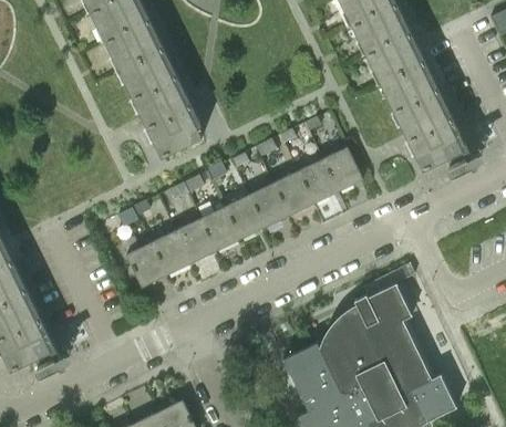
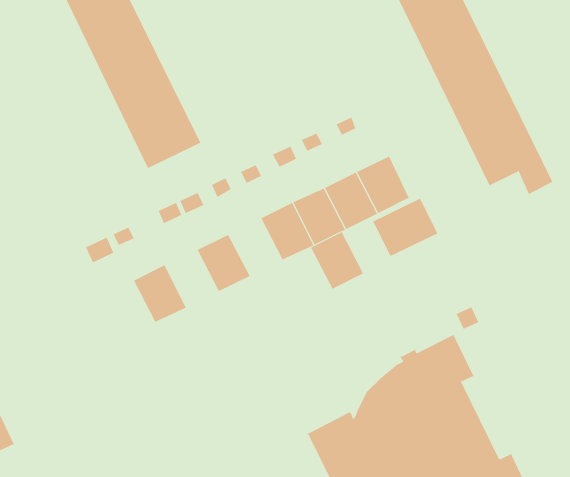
building: none -> [372,198,438,257]
building: [224,194,265,238] -> [310,232,364,290]
building: [175,218,216,262] -> none
building: [126,241,167,285] -> none

